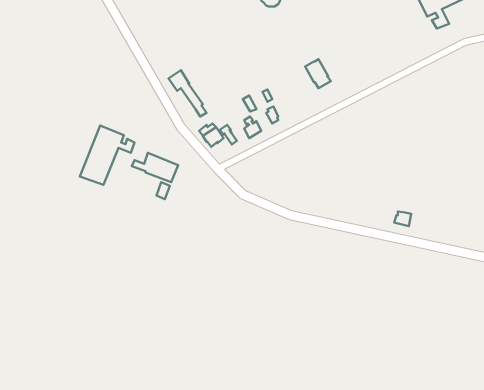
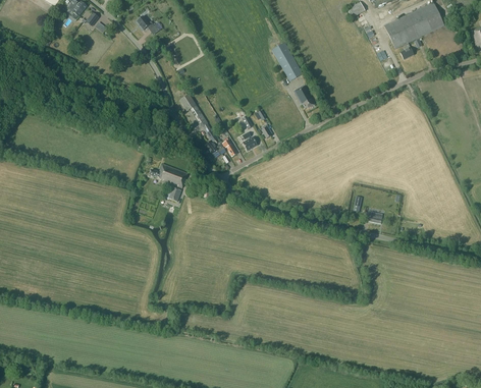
building: none -> [272,42,303,80]
building: [80,126,134,185] -> none

